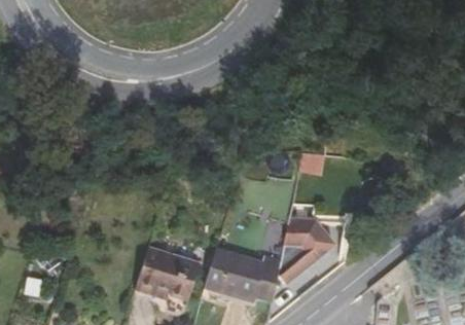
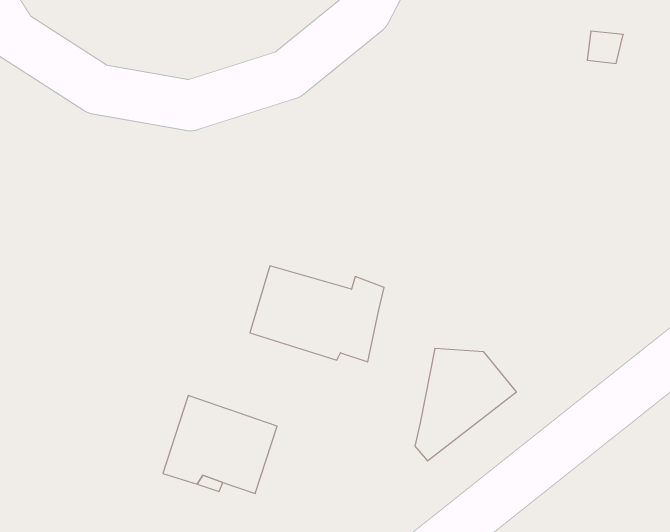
building: [205,249,281,303] -> [250,266,384,362]

